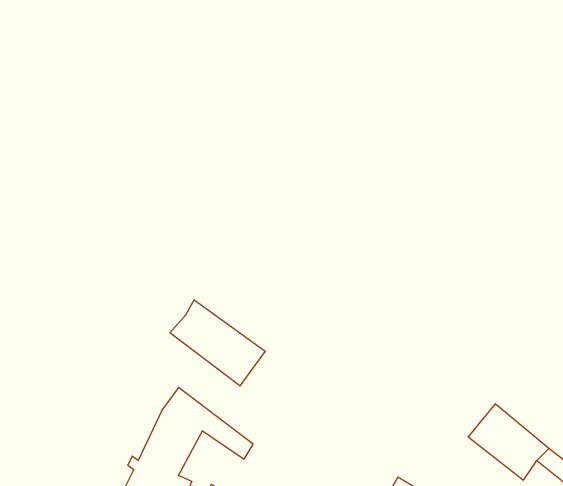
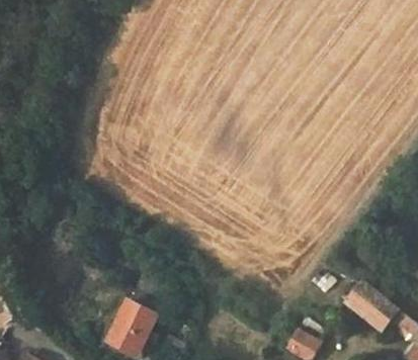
building: [170,300,265,386] -> none

